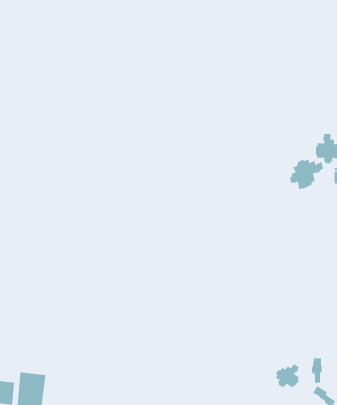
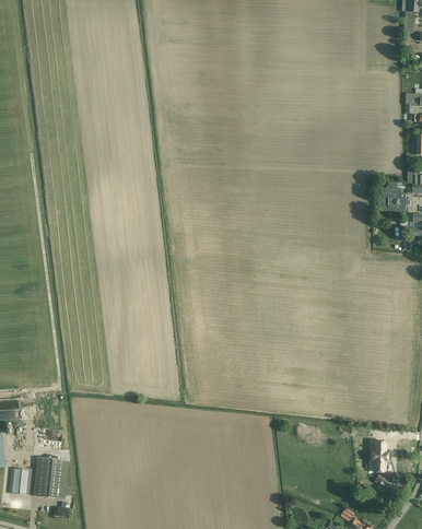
building: [289,158,324,190] -> none
building: [275,363,300,388] -> none

